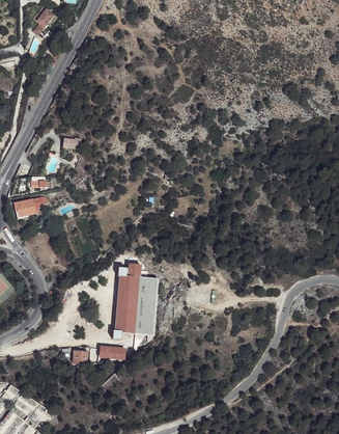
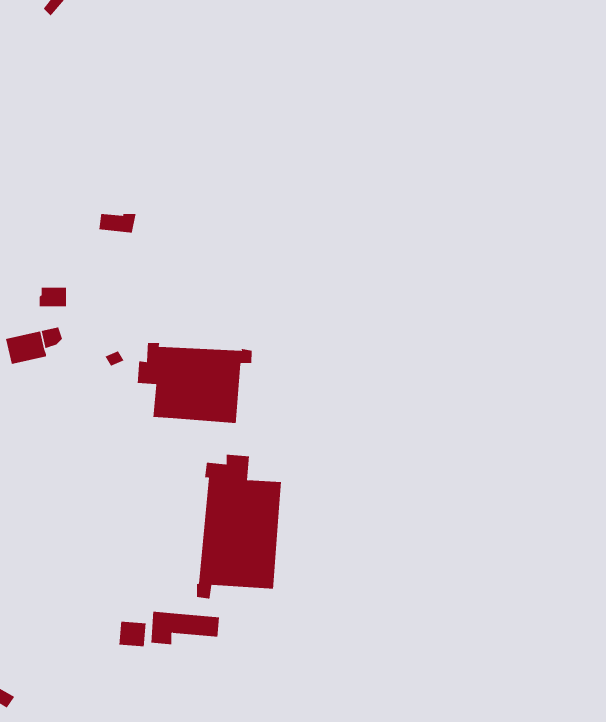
building: none -> [137,342,252,424]

